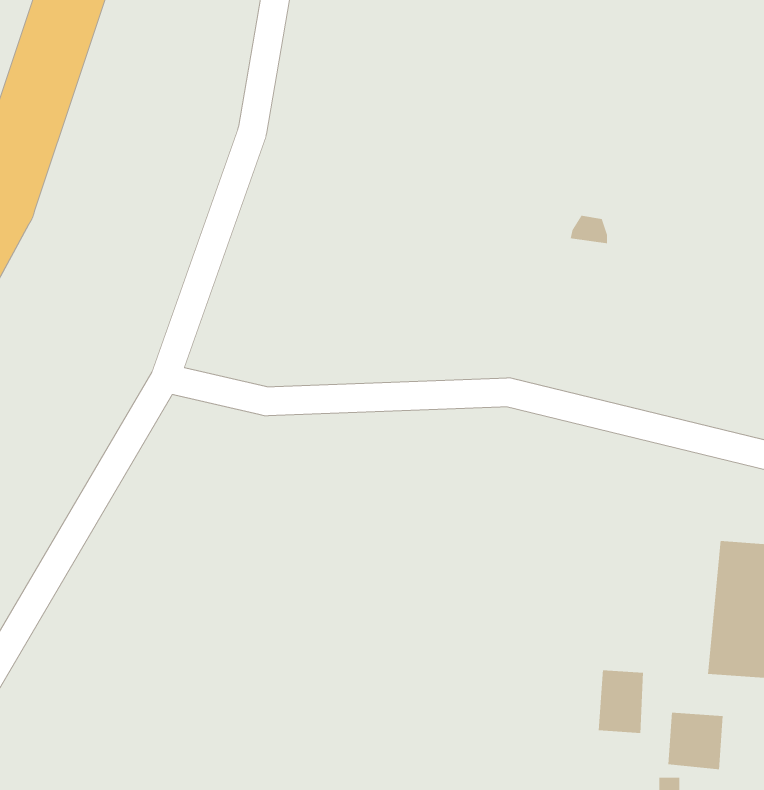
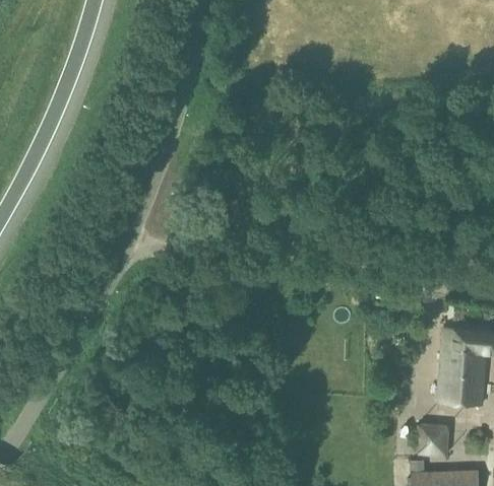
building: [598,669,644,734] -> none

